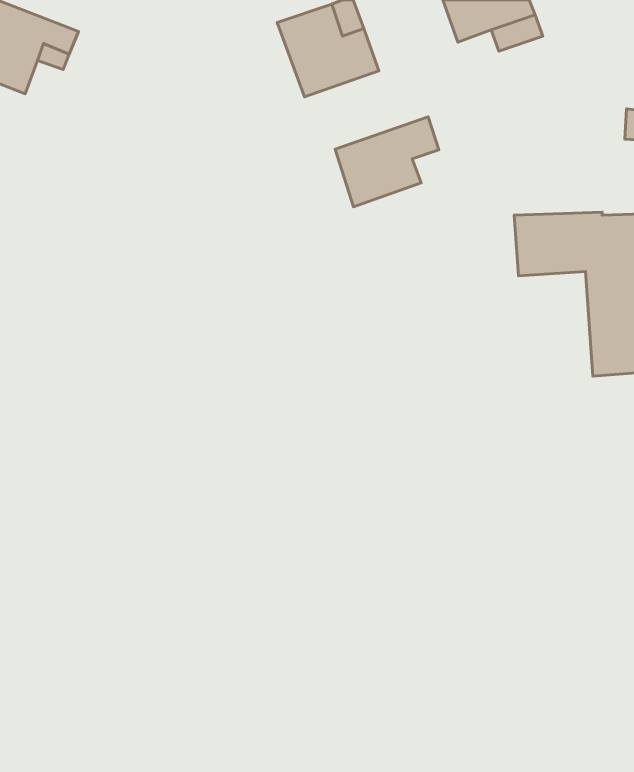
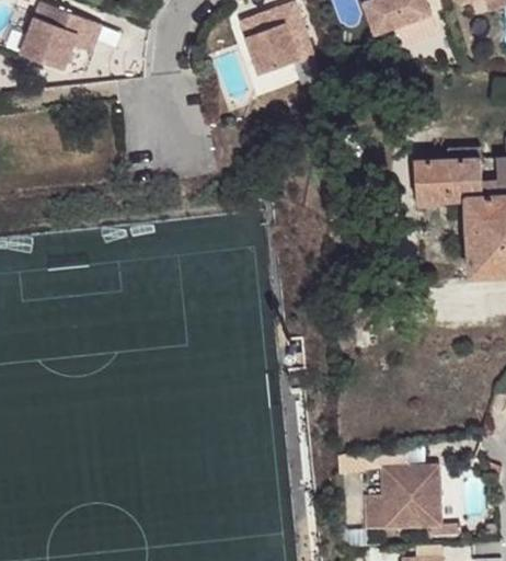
building: [335,117,439,207] -> none
building: none -> [365,467,439,529]

